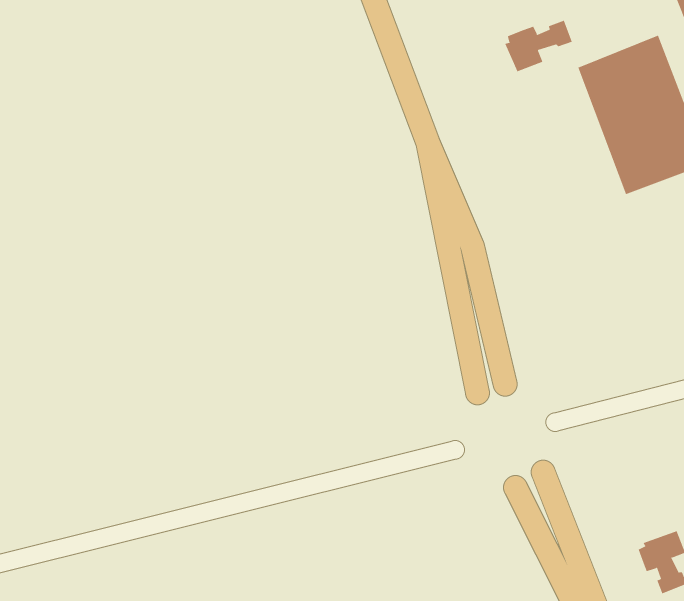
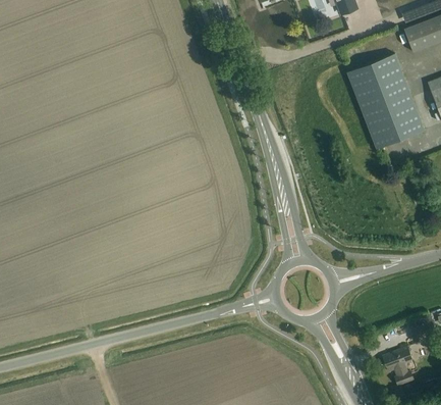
building: [505,20,572,72] -> none

